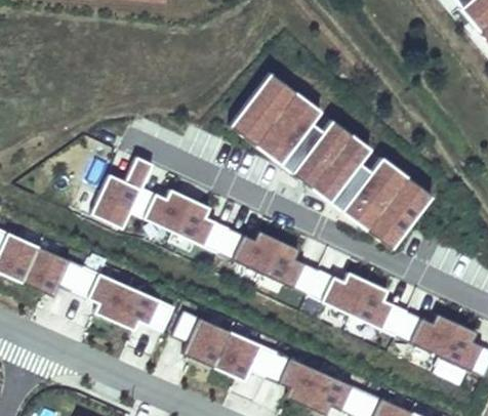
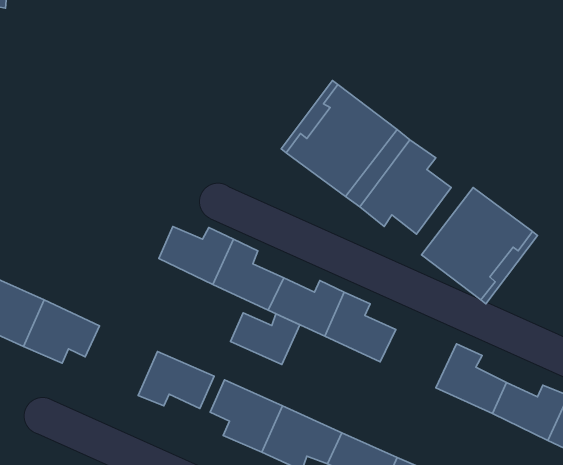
building: [311,133,381,210] -> none
building: [91,157,154,230] -> none
building: none -> [231,313,300,365]
building: [73,266,130,322] -> none
building: [308,269,368,316] -> none

